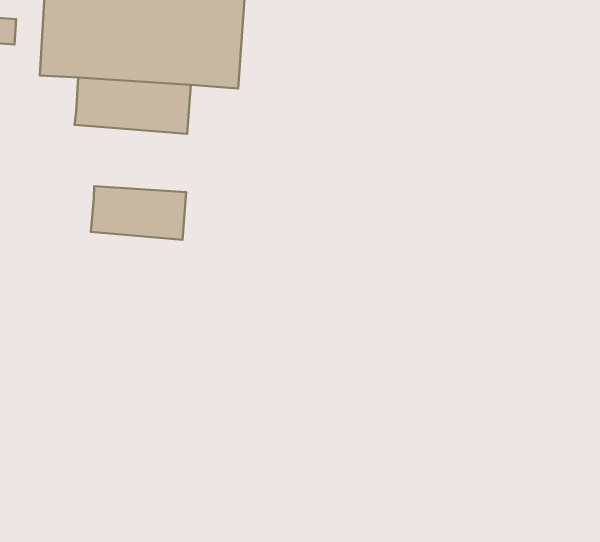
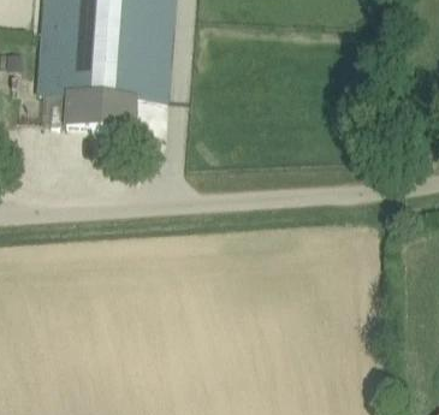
building: [91,186,186,240] -> none

